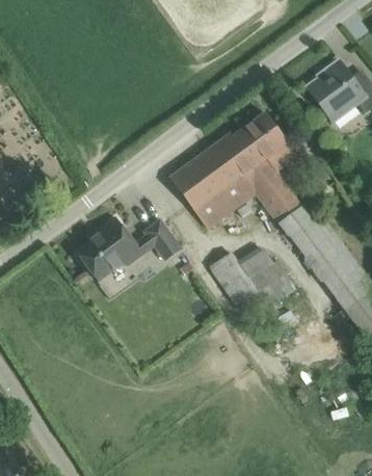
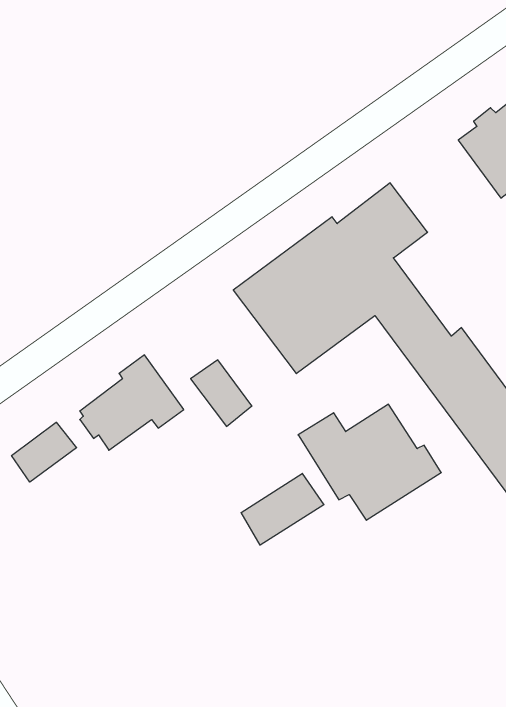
building: none -> [12,422,77,482]
building: none -> [241,473,324,545]

